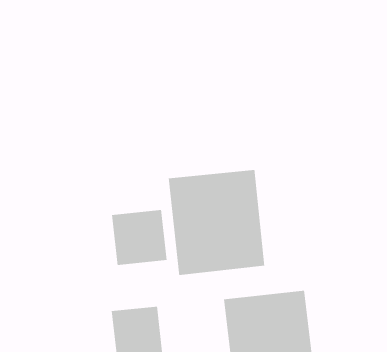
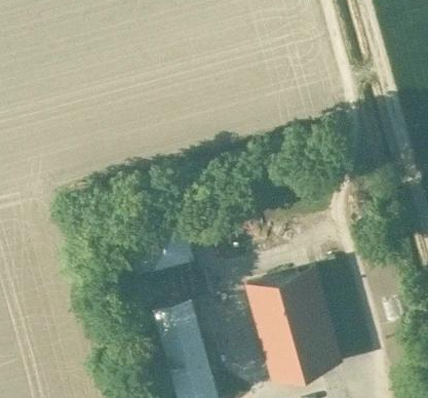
building: [168,169,265,276] -> none

